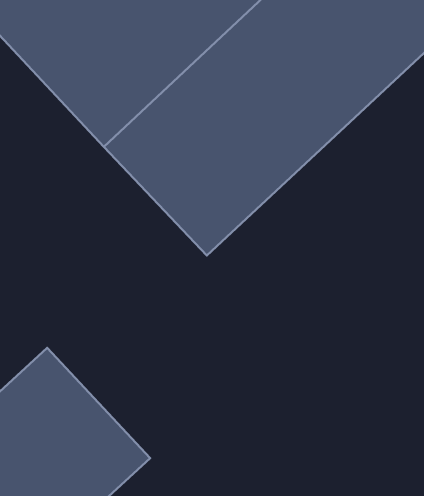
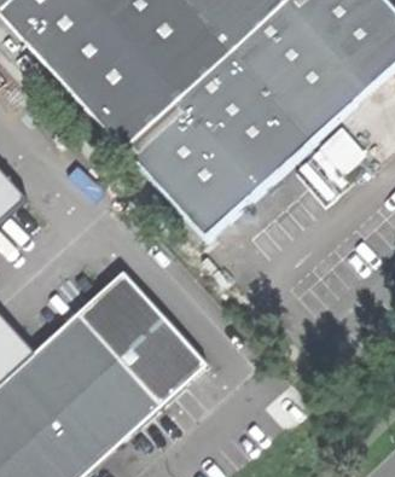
building: none -> [76,271,204,402]

